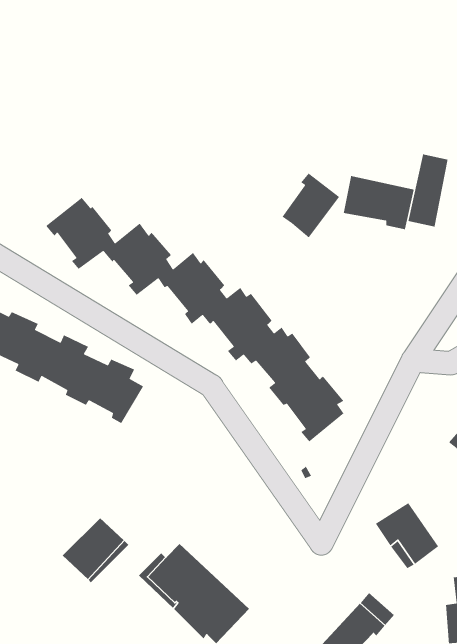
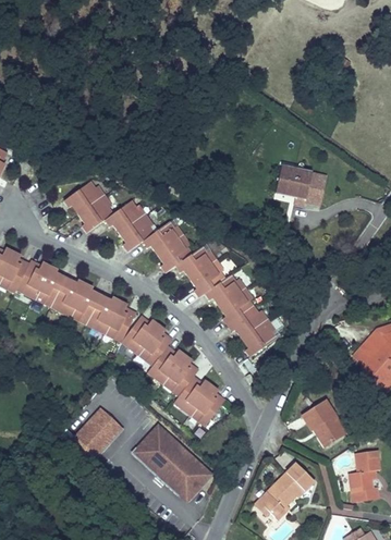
building: [408,153,448,227] -> none
building: [281,172,340,239] -> none
building: none -> [119,318,228,427]

